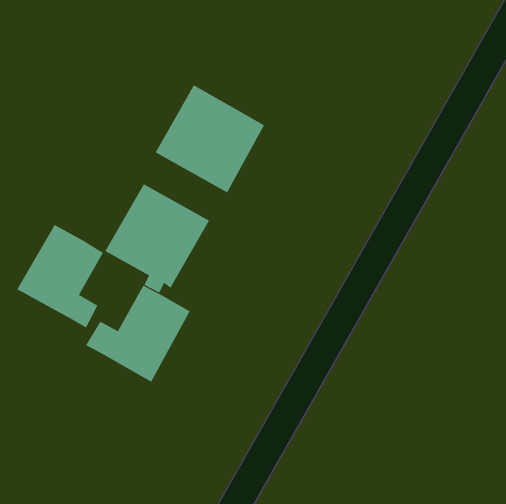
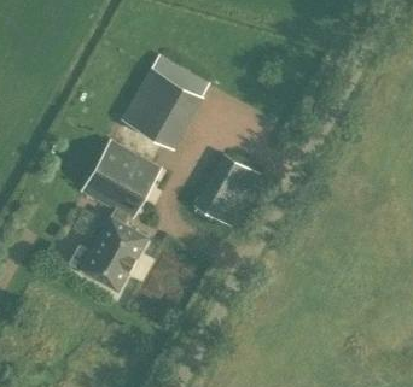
building: none -> [193,157,258,225]
building: [17,224,105,329] -> none

